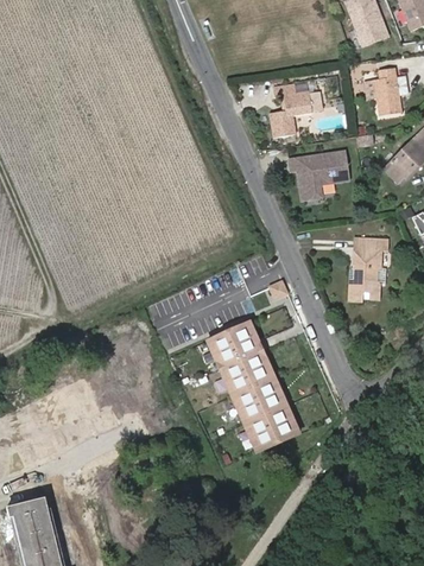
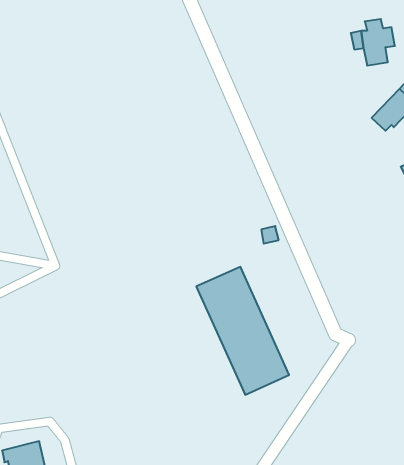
building: [270,82,323,135] -> none
building: [286,150,346,197] -> none
building: [349,239,388,301] -> none

